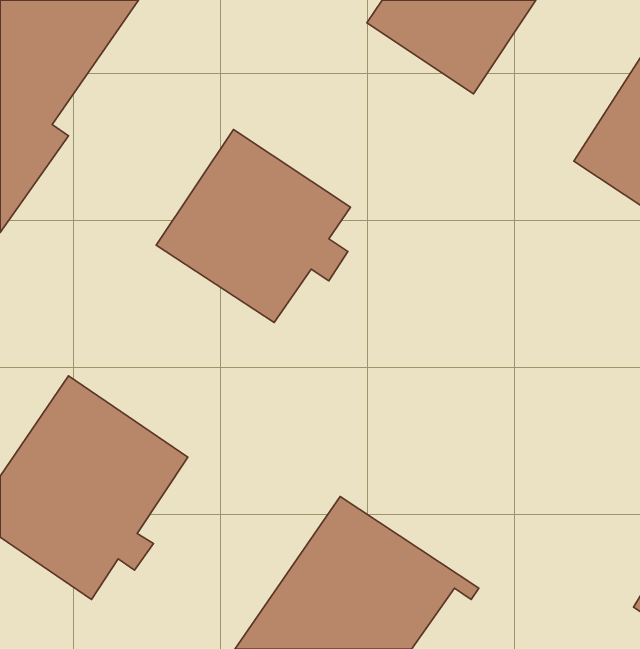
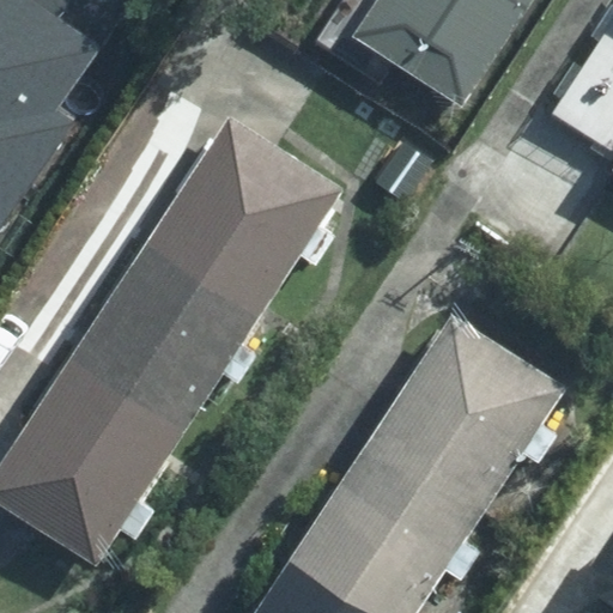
building: none -> [73,231,267,431]
building: none -> [329,304,552,554]

